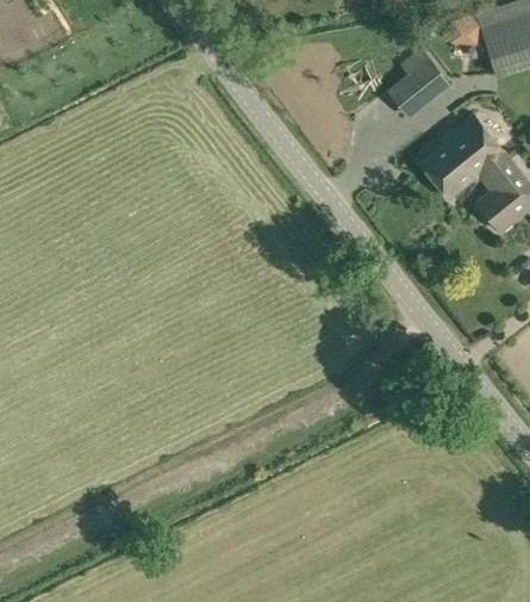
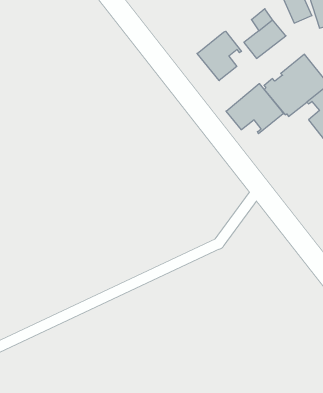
building: none -> [197,31,241,81]
building: none -> [226,84,283,134]

